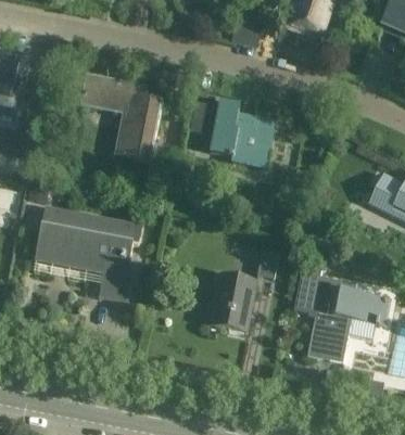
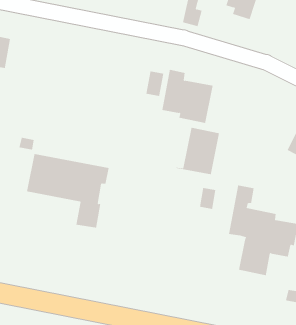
building: [79,73,162,161] -> none
building: [200,270,256,331] -> [176,127,220,175]

